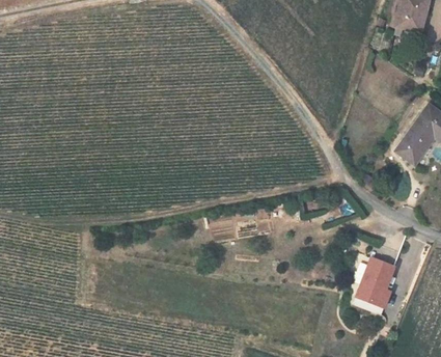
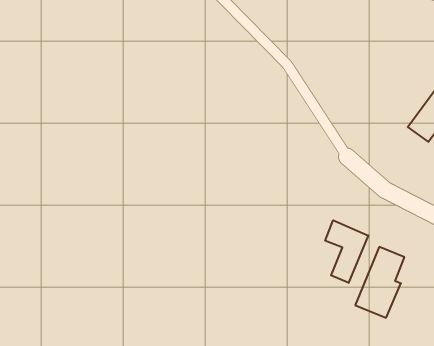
building: none -> [325,220,368,283]

